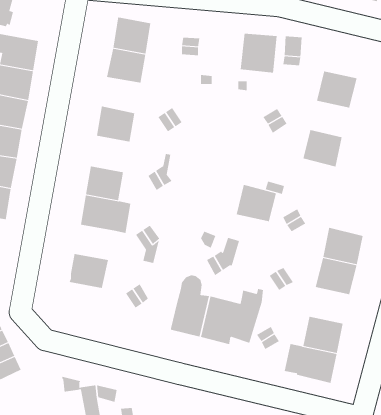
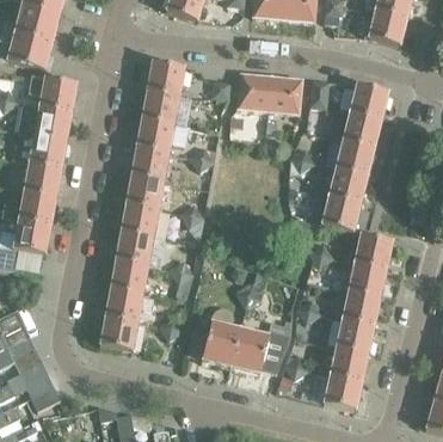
building: none -> [238,73,272,111]
building: none -> [349,84,388,119]
building: none -> [136,118,174,153]
building: none -> [336,141,374,176]
building: none -> [125,174,164,209]
building: [236,184,277,222] -> [321,196,361,232]
building: none -> [353,234,393,270]
building: none -> [110,259,148,293]
building: none -> [99,314,137,350]
building: none -> [334,319,374,354]

